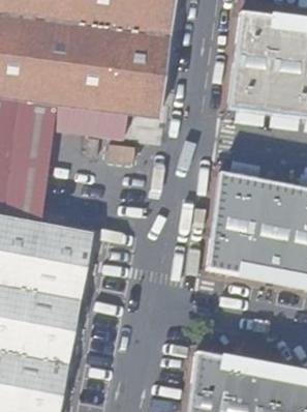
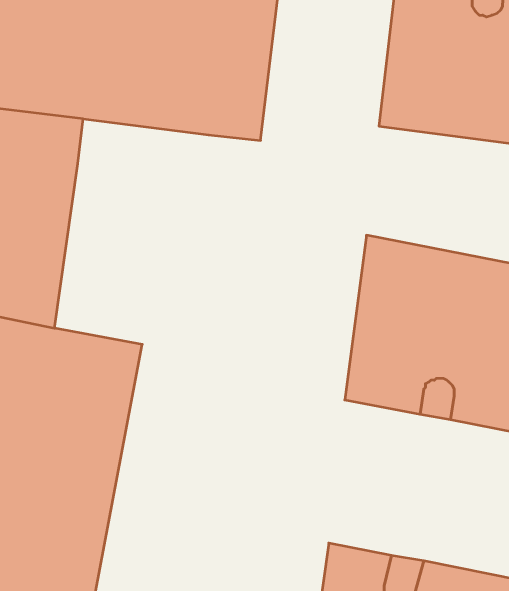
building: [55,104,130,138] -> none

